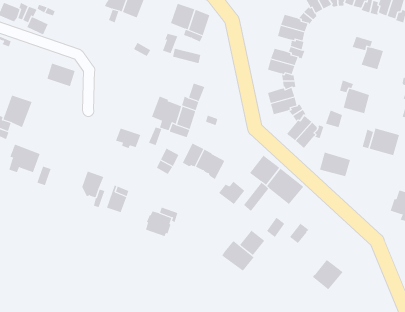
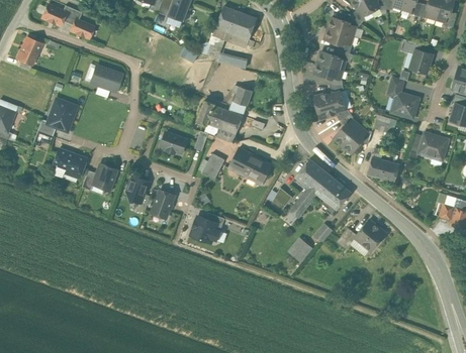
building: none -> [92,163,117,191]
building: [221,240,255,272] -> none
building: [313,259,343,290] -> [355,220,386,251]

